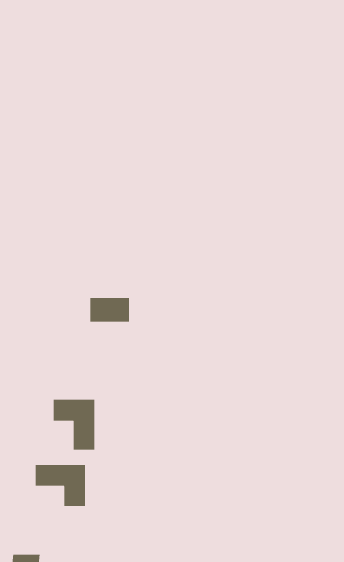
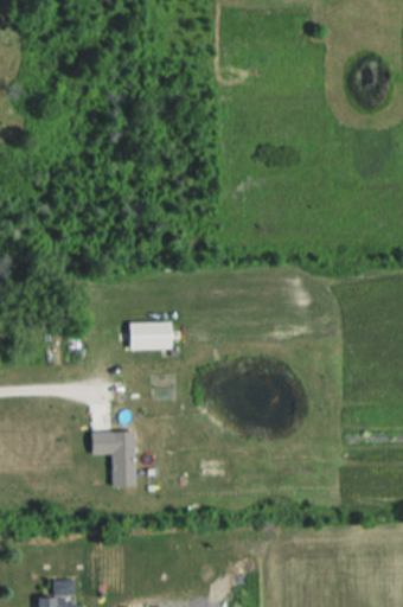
building: [35,464,86,507] -> none

